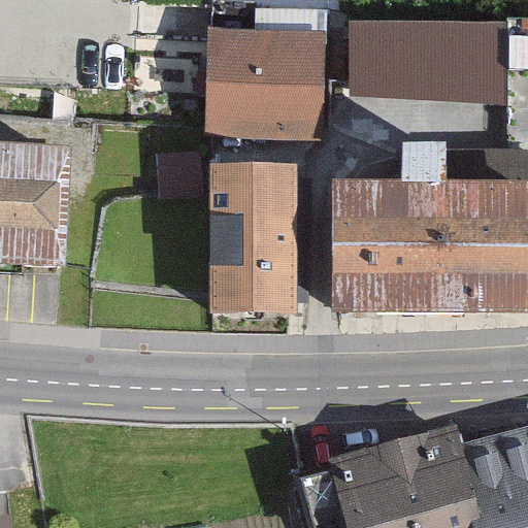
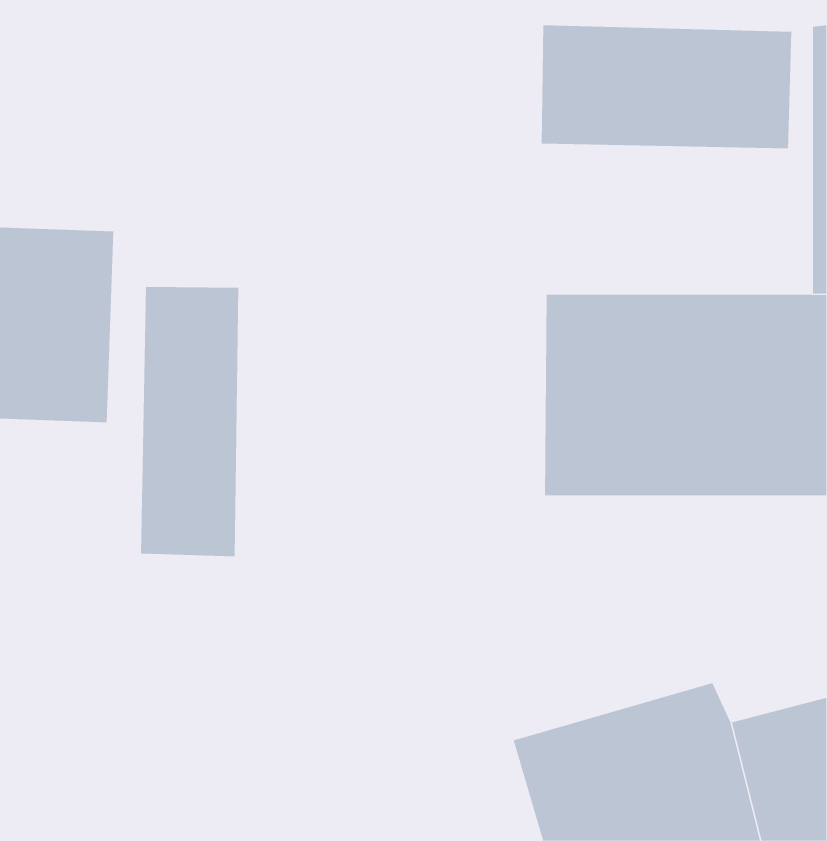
building: [197,38,327,140] -> none
building: [205,170,300,316] -> none
building: none -> [140,286,239,557]

